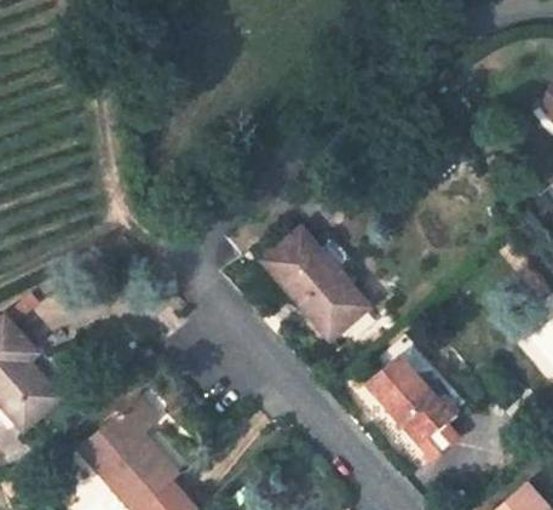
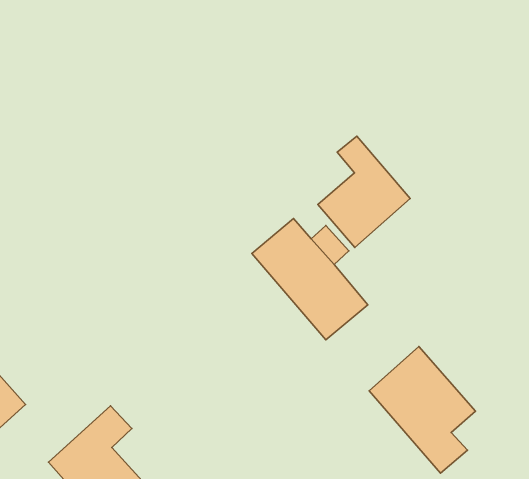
building: none -> [318,136,410,247]

